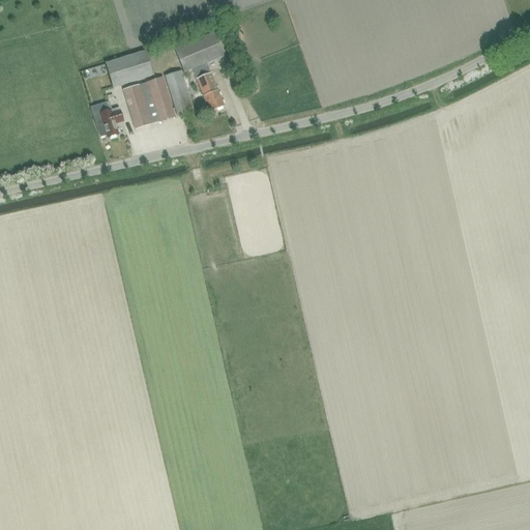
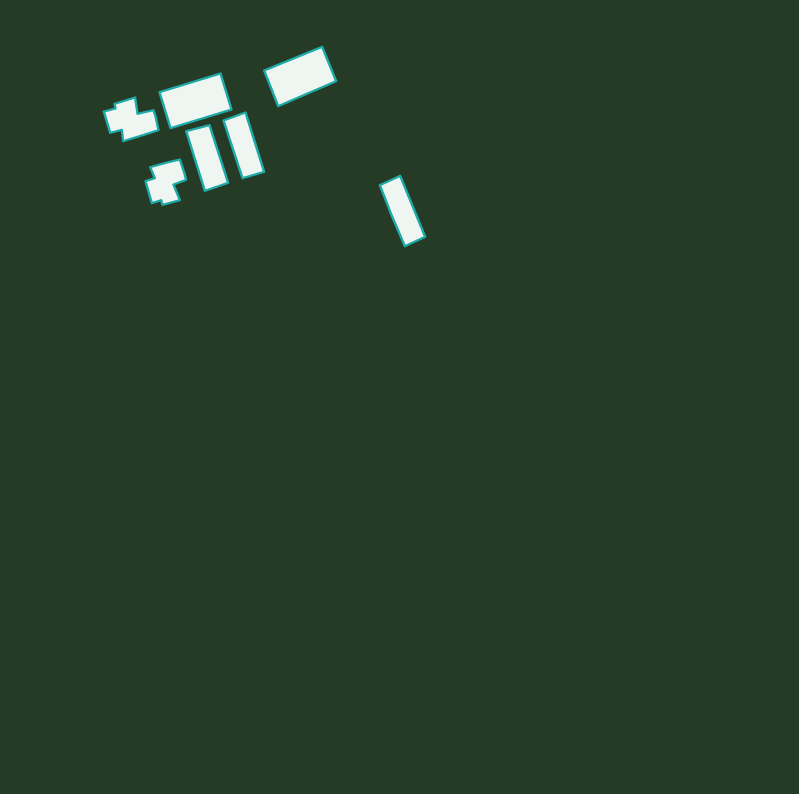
building: [194,63,224,110] -> [380,176,425,246]
building: none -> [104,98,159,141]
building: [165,68,193,113] -> none

